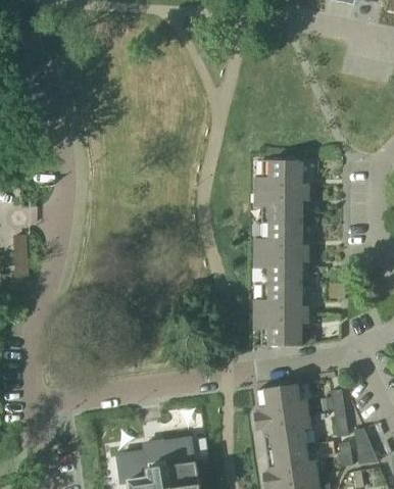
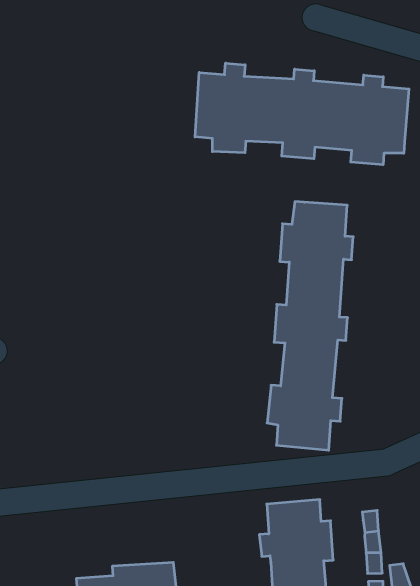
building: none -> [195,63,409,165]

